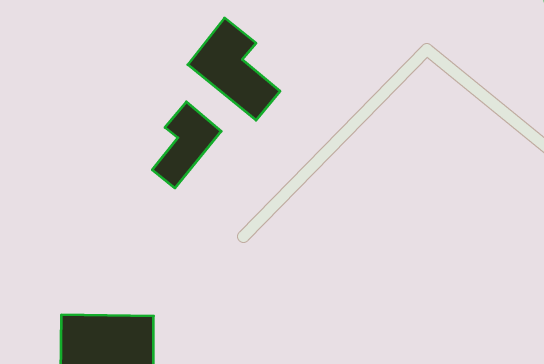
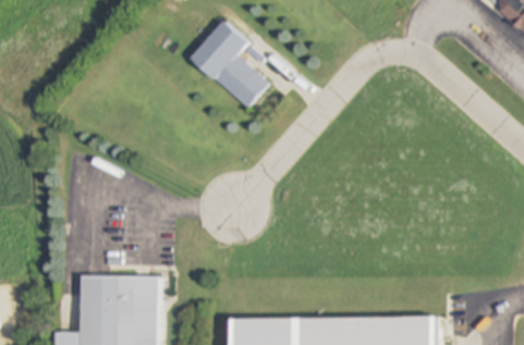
building: [152,102,221,188] -> none

